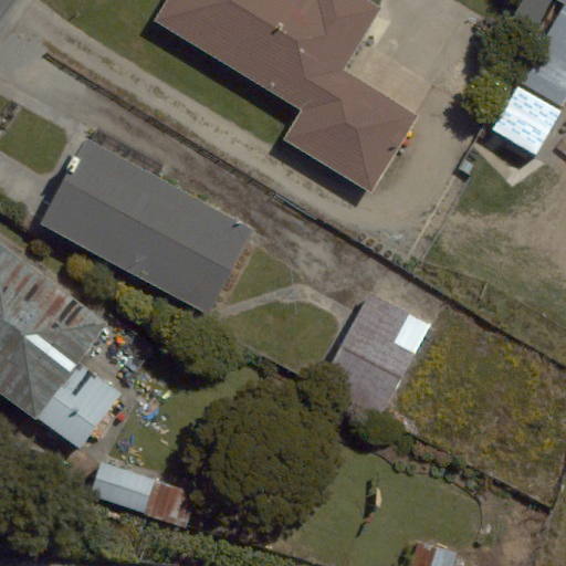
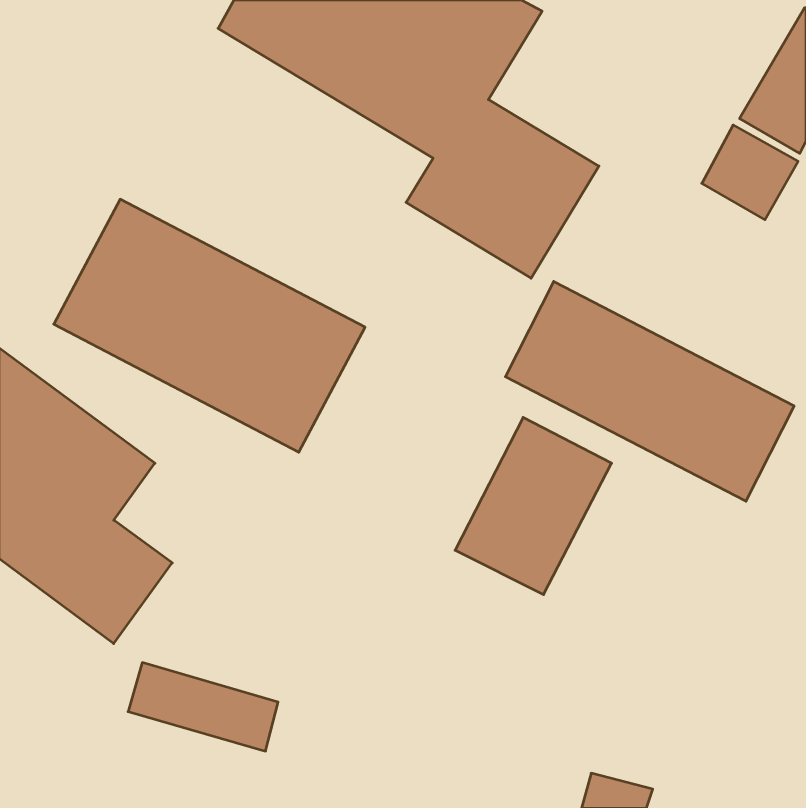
building: none -> [505,281,794,501]

